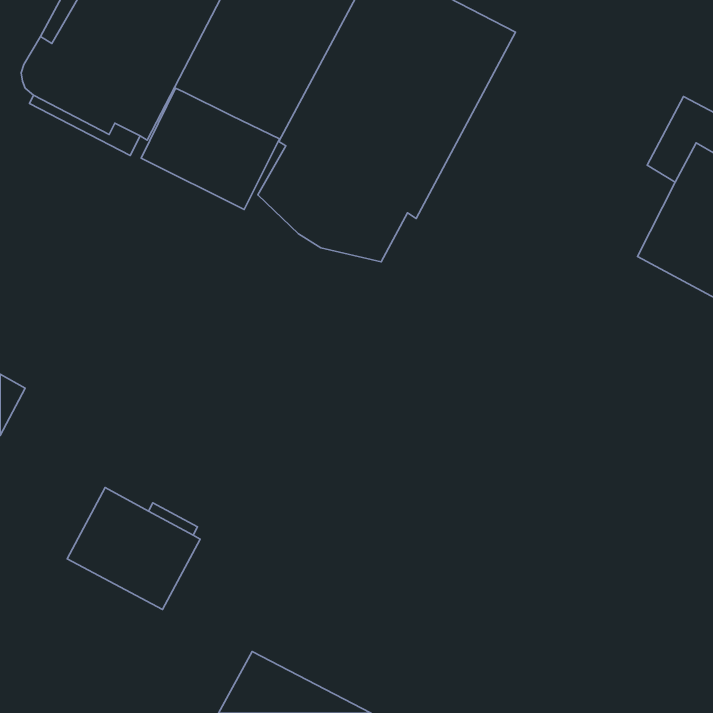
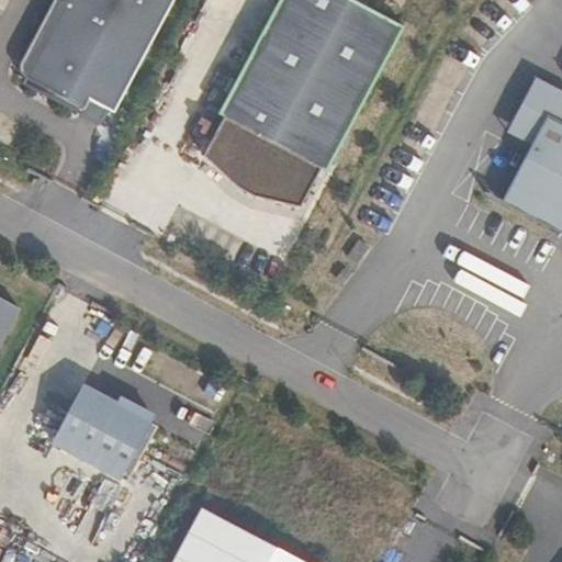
building: [141,88,279,210] -> none

